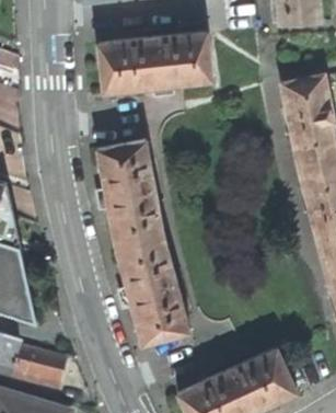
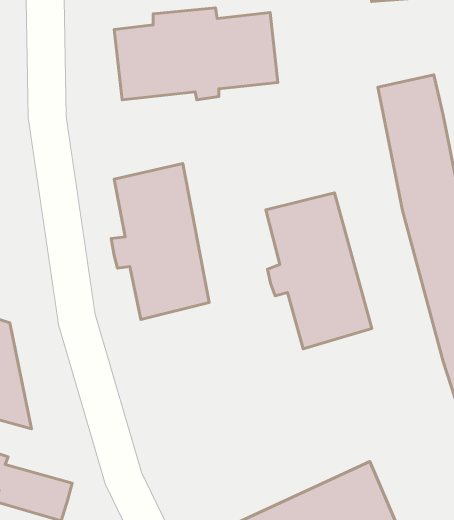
building: [115,234,189,344] -> [266,193,372,349]

